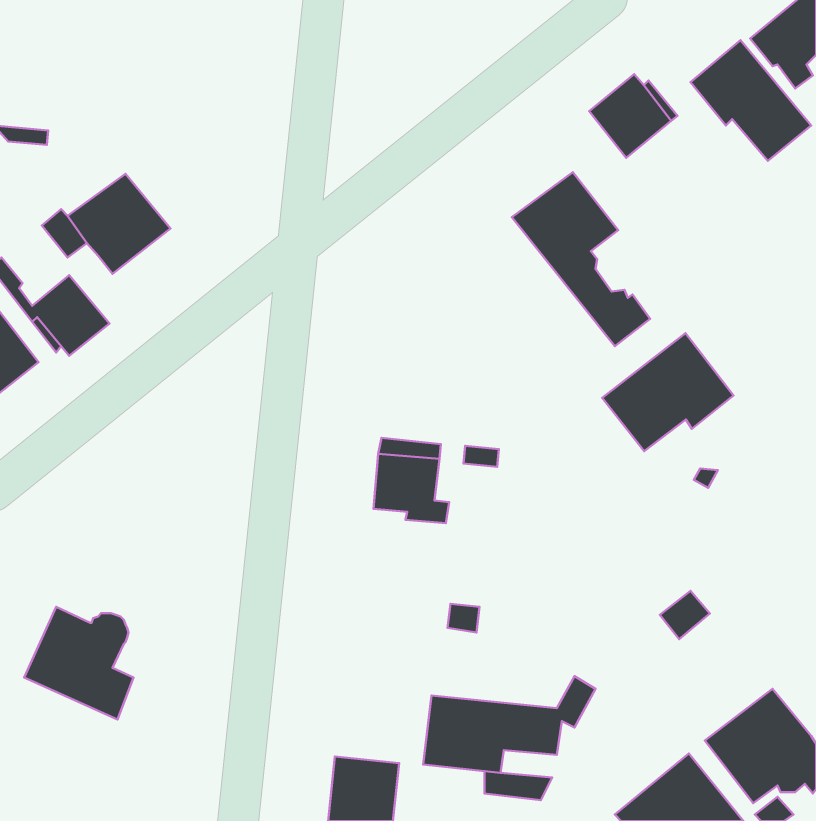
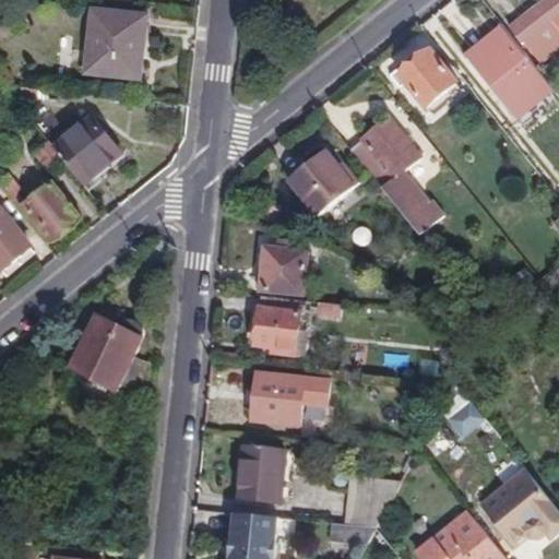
building: none -> [87,9,143,80]
building: none -> [287,151,359,216]
building: [602,333,734,451] -> none
building: none -> [259,241,305,294]
building: none -> [249,373,325,425]
building: [24,607,133,719] -> [76,310,151,386]
building: none -> [238,449,282,503]

